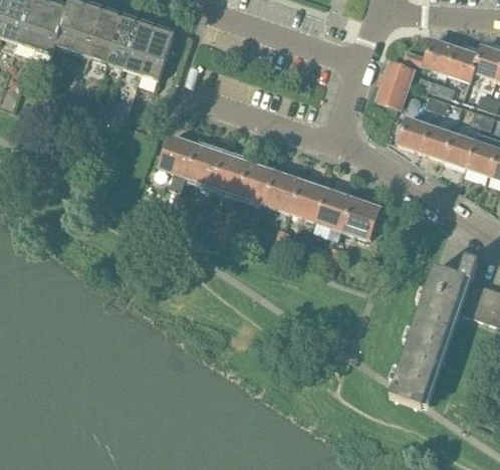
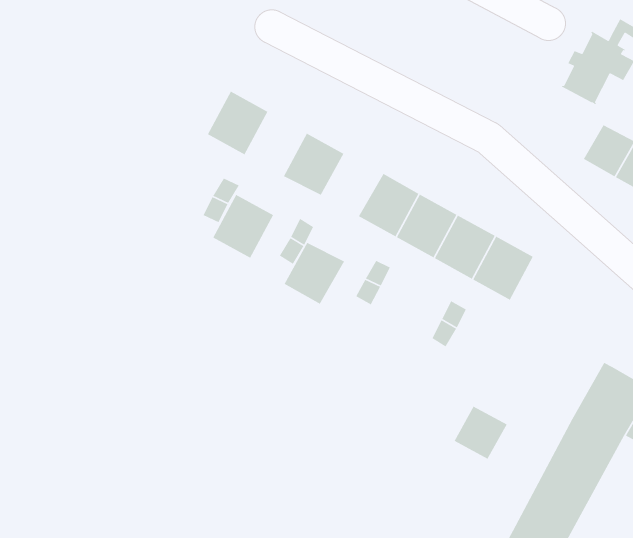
building: [187,146,223,185] -> [212,194,274,259]
building: [239,164,275,202] -> [284,242,345,305]
building: none -> [454,405,508,460]

